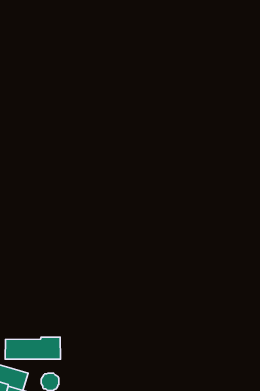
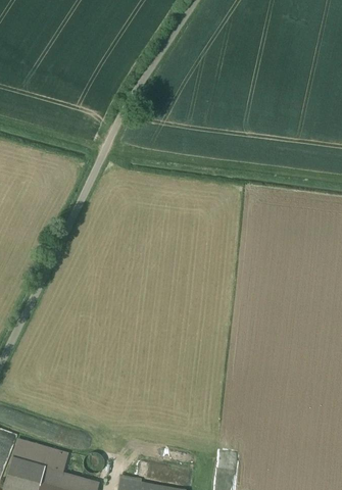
building: [5,337,60,359] -> none

